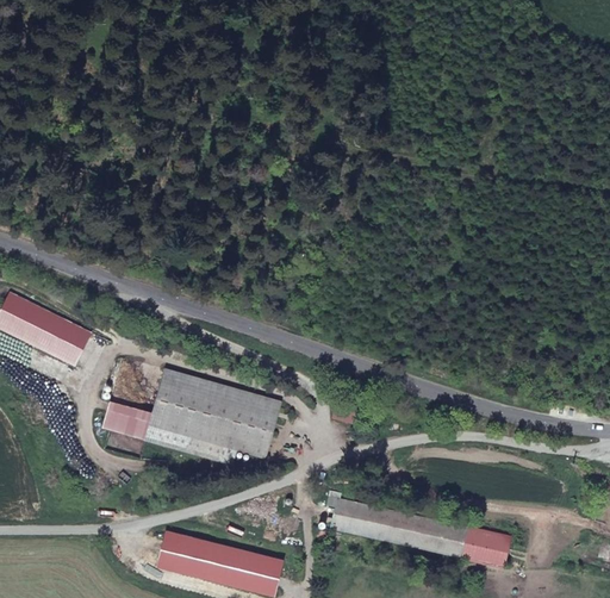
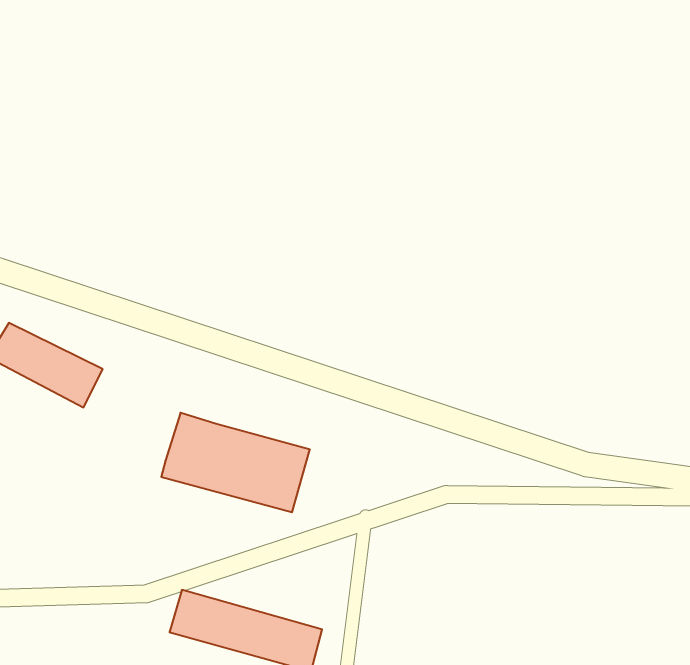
building: [104,403,149,441] -> none
building: [328,488,513,567] -> none

